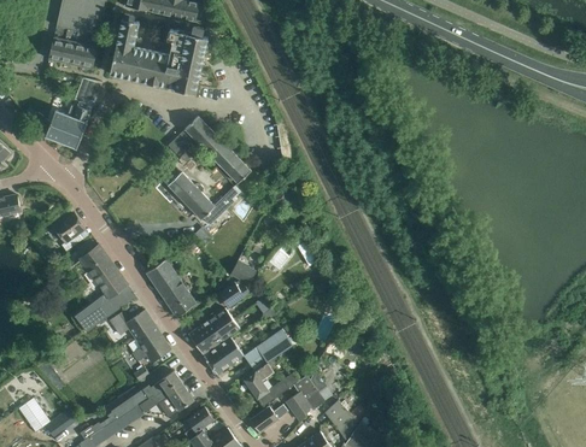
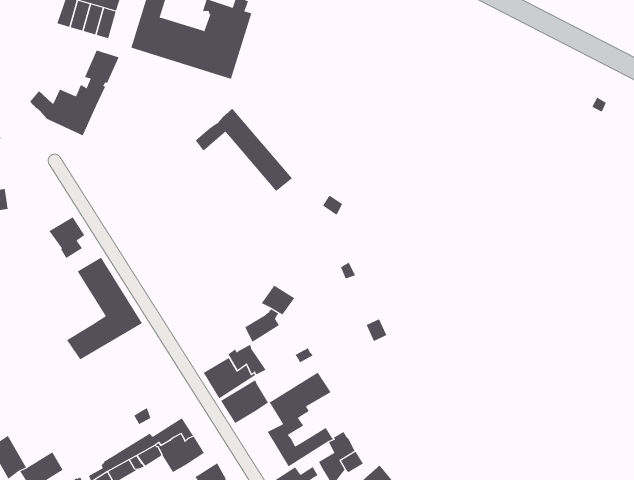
building: [169,173,241,225] -> none
building: [146,259,197,318] -> none
building: [110,311,171,363] -> none

